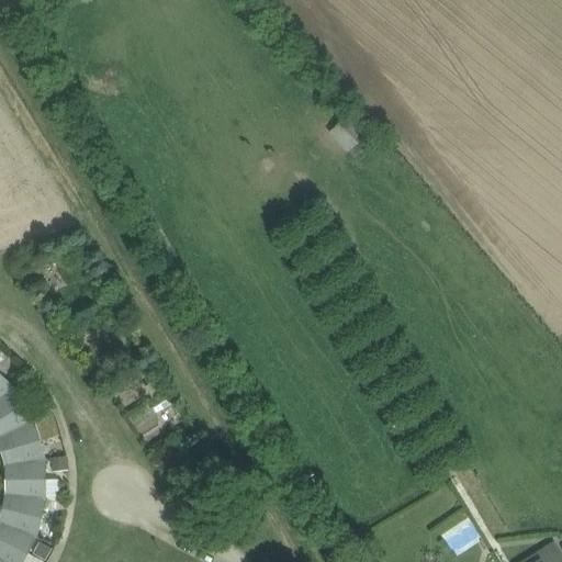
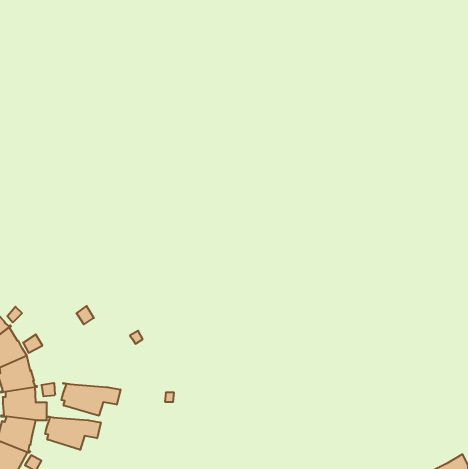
building: none -> [61,383,120,416]
building: none -> [45,416,101,450]

